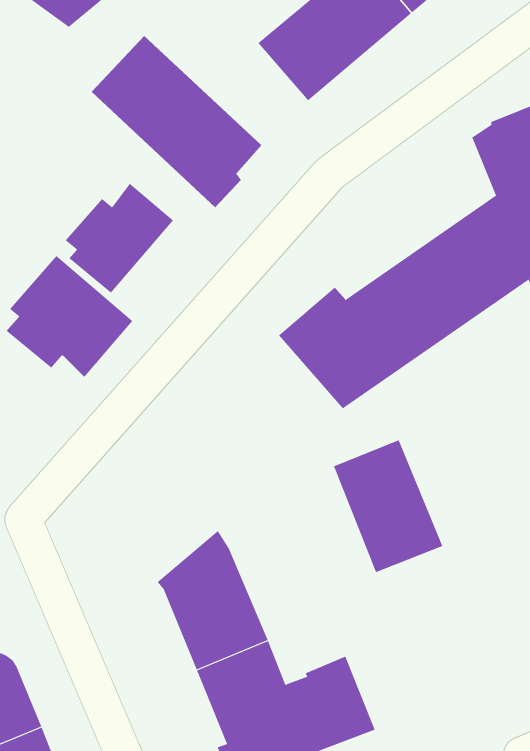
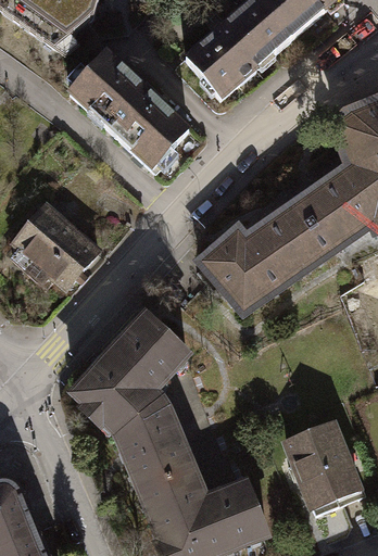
building: [65,183,174,294] -> none
building: none -> [74,313,187,428]
building: [333,439,443,573] -> [286,419,362,511]

